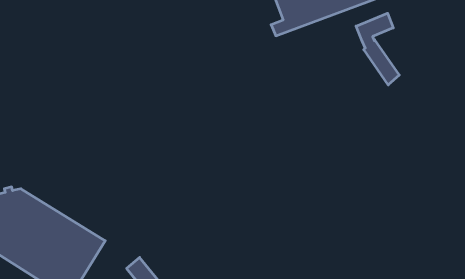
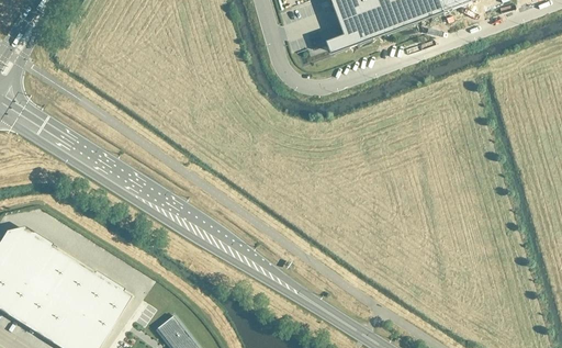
building: [356,13,399,85] -> none

